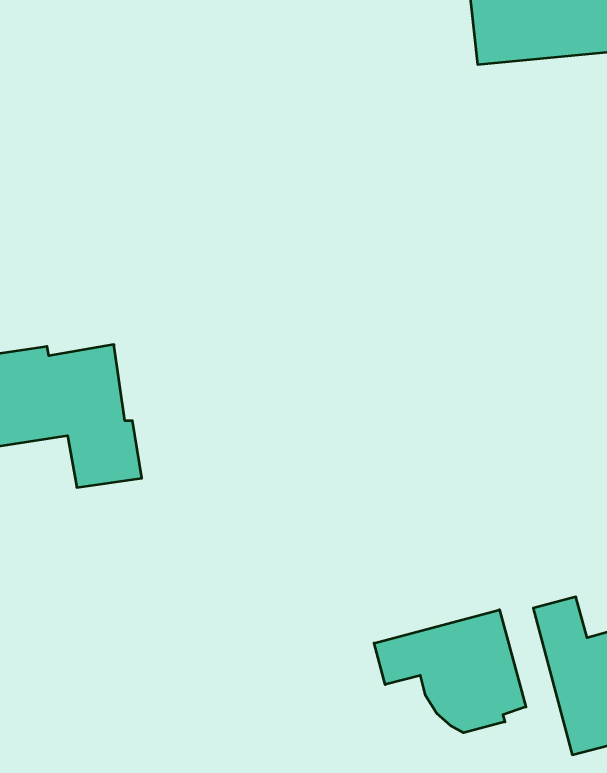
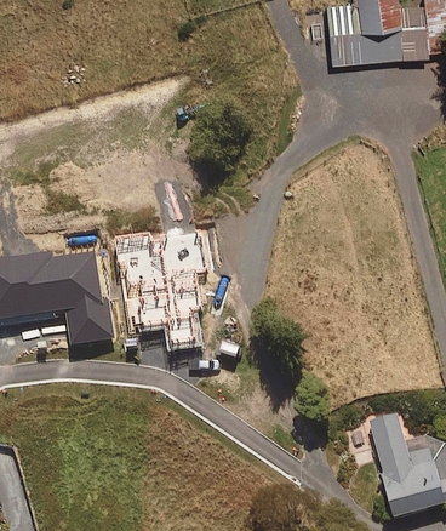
building: [374,610,526,733] -> none

